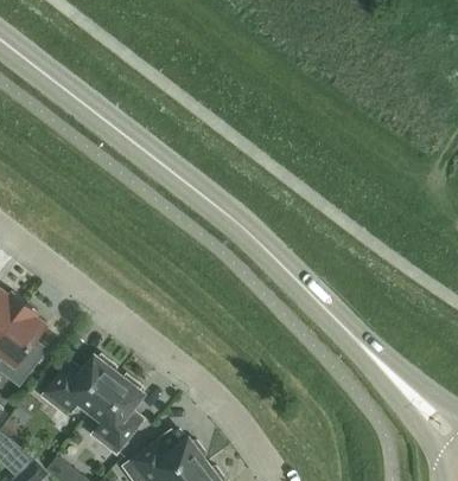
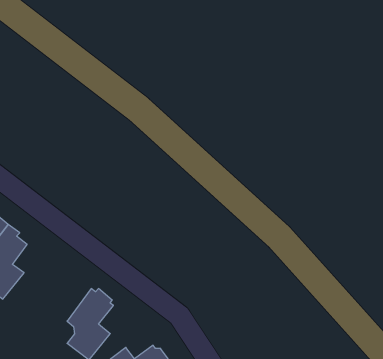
building: [42,355,119,417] -> none

